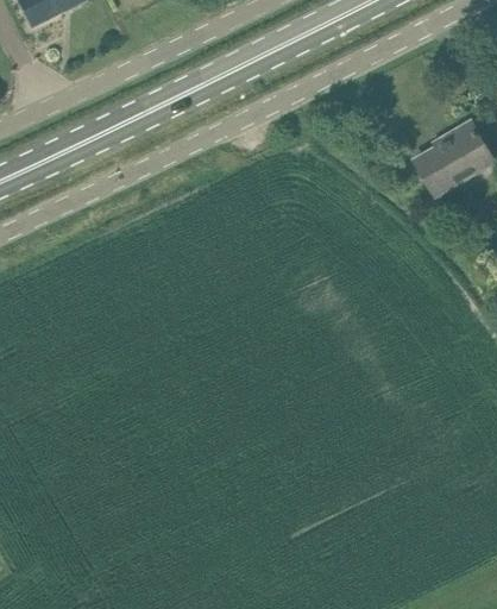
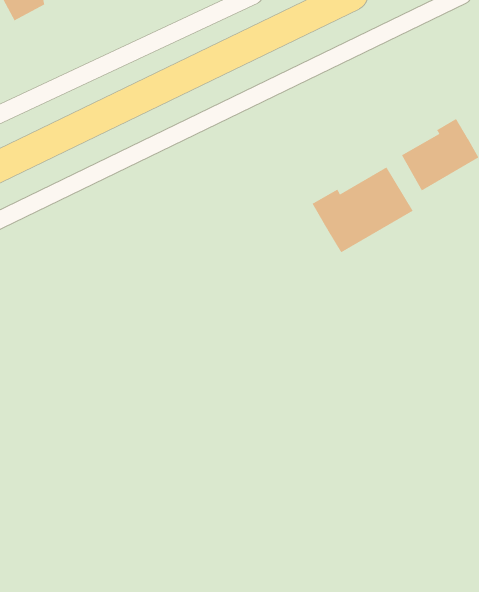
building: none -> [312,166,413,253]

